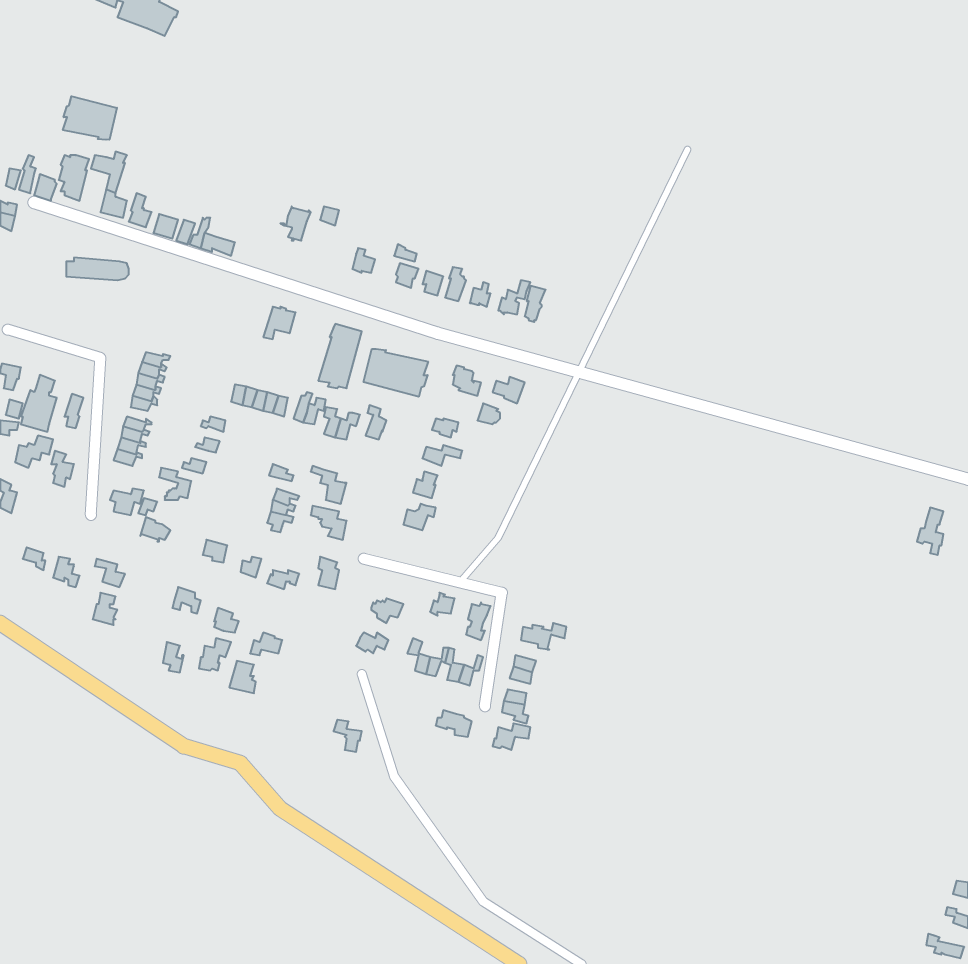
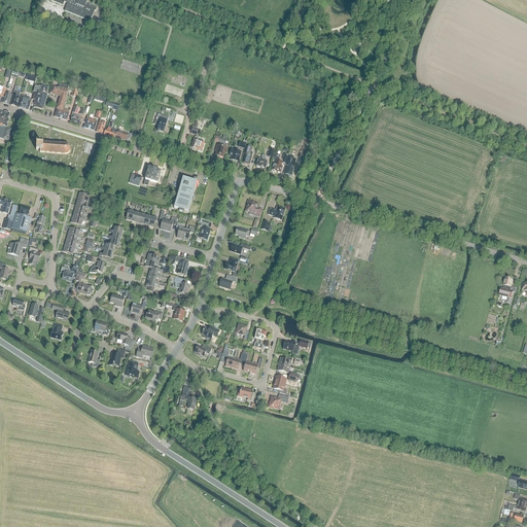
building: [63,96,117,140] -> none
building: [364,349,428,397] -> none

